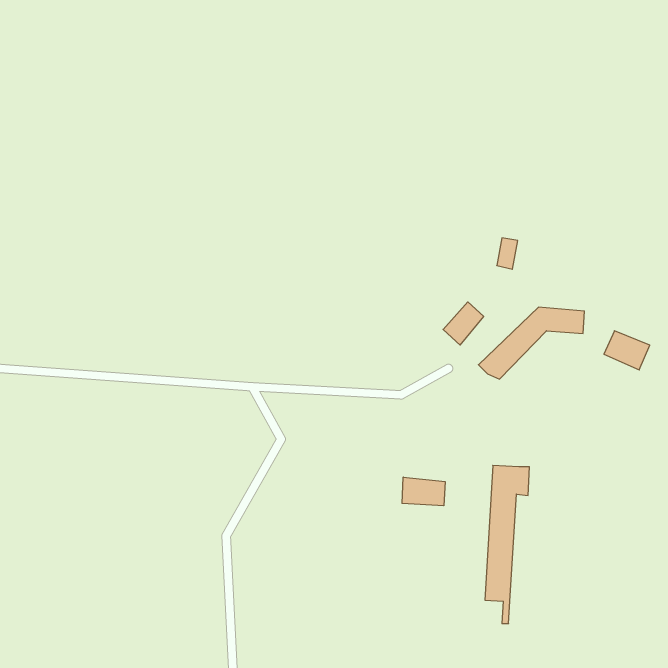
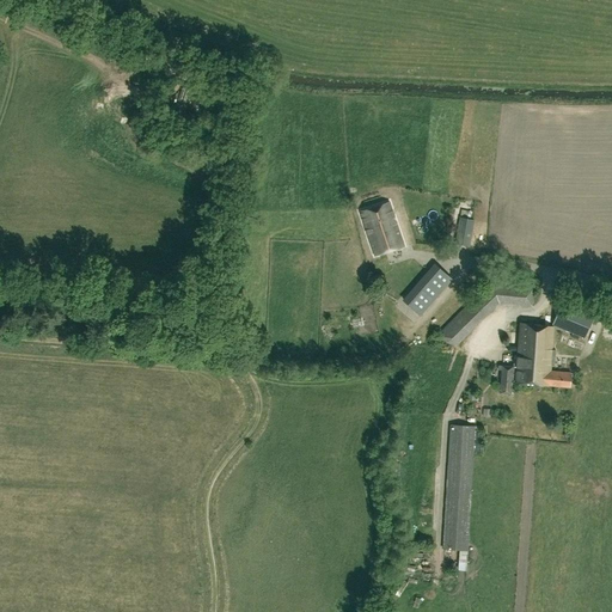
building: none -> [360,202,404,256]
building: none -> [498,324,570,394]
building: [402,477,445,506] -> none

